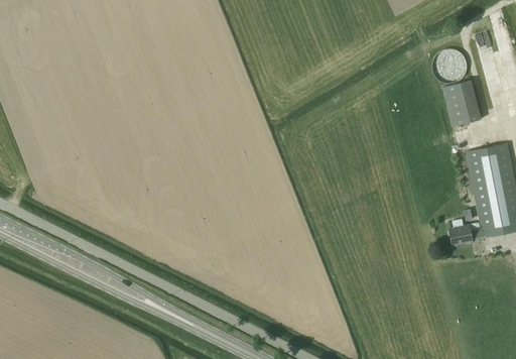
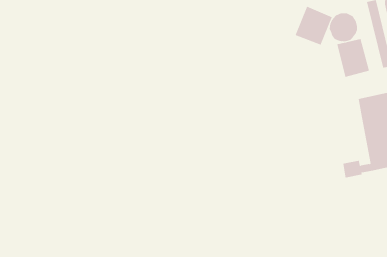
building: none -> [295,6,333,45]

